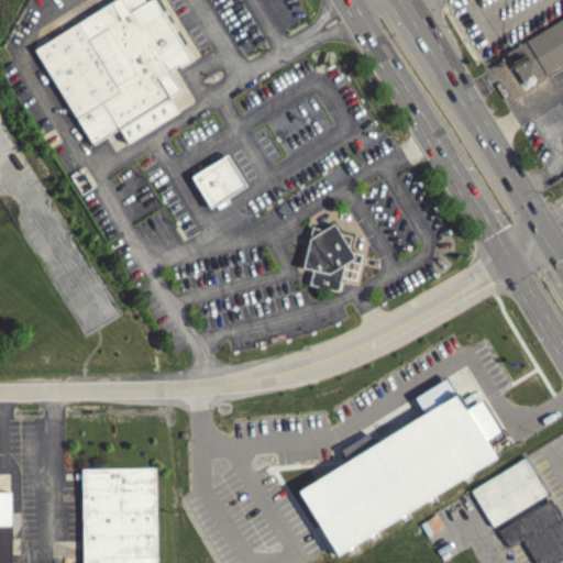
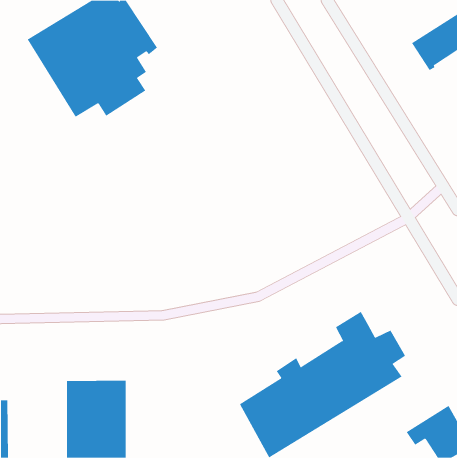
building: [190,153,249,208] -> none
building: [303,223,362,290] -> none
building: [472,456,548,525] -> none

